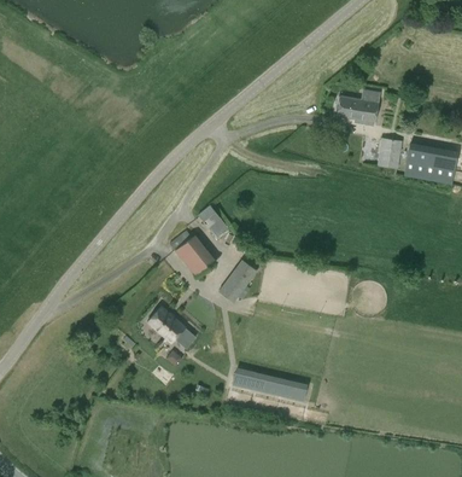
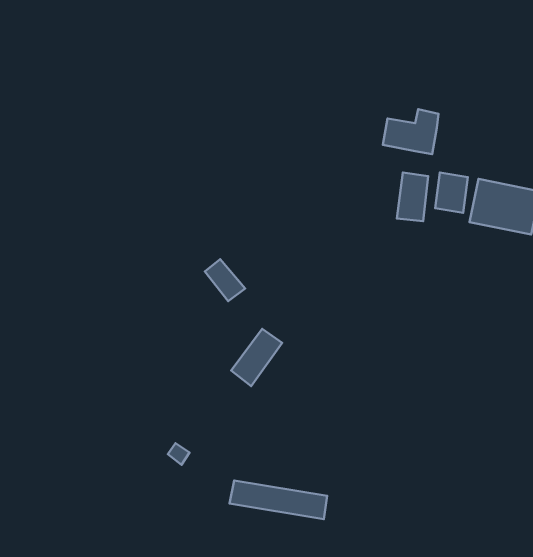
building: none -> [397,173,428,221]
building: [170,229,217,277] -> none
building: [147,306,186,342] -> none

